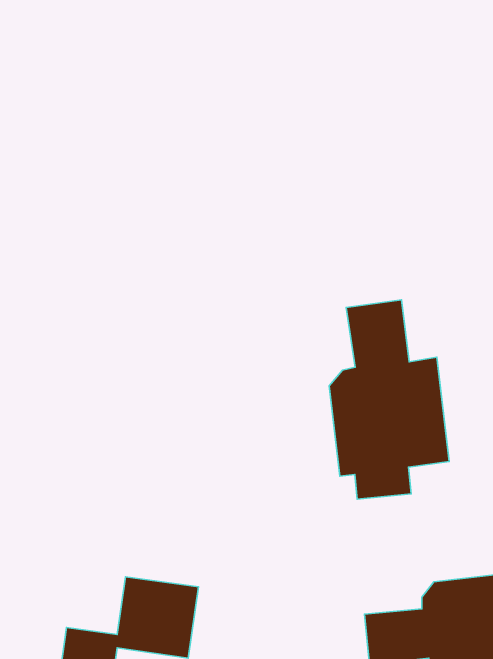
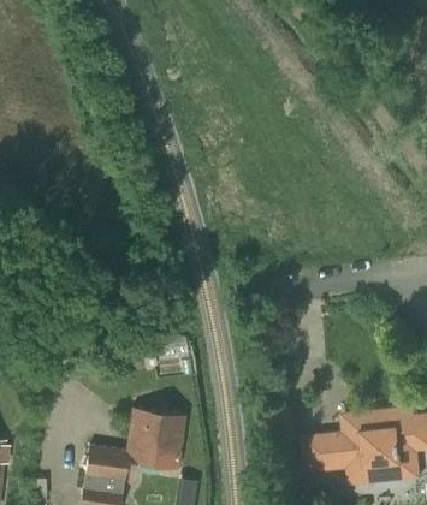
building: [329,300,449,499] -> none

